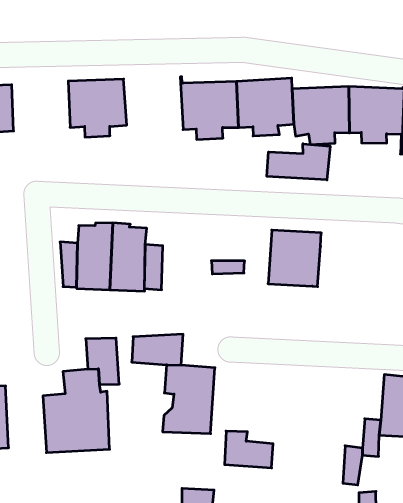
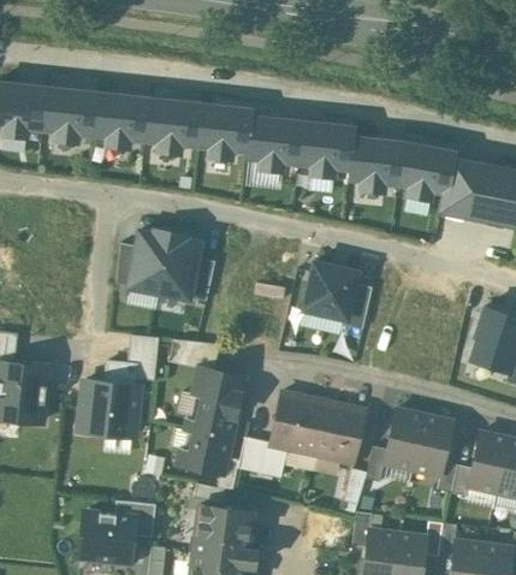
building: none -> [197,105,253,160]
building: none -> [94,94,150,148]
building: [267,144,330,180] -> none
building: none -> [342,284,372,330]
building: none -> [268,392,366,463]
building: none -> [180,429,230,473]

